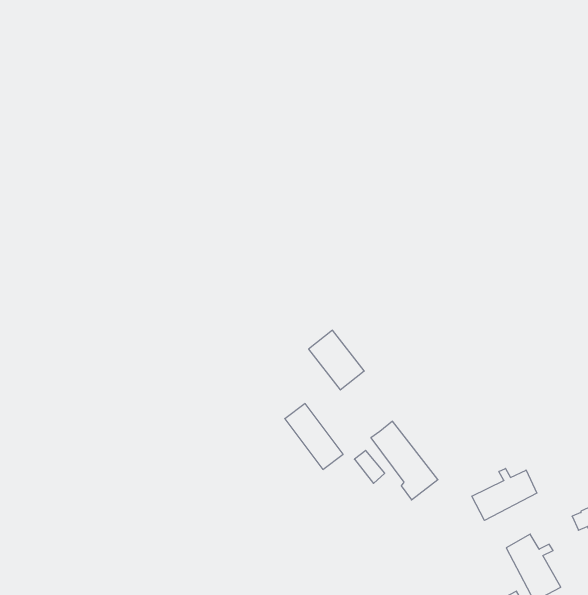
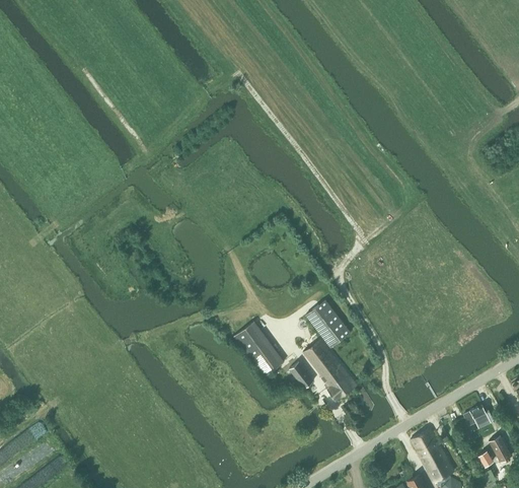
building: [309,330,364,390] -> [306,300,351,348]
building: [472,468,537,520] -> none

